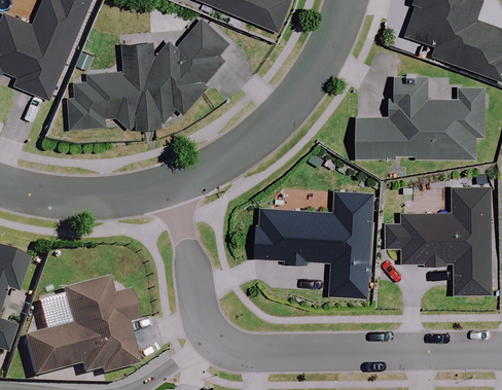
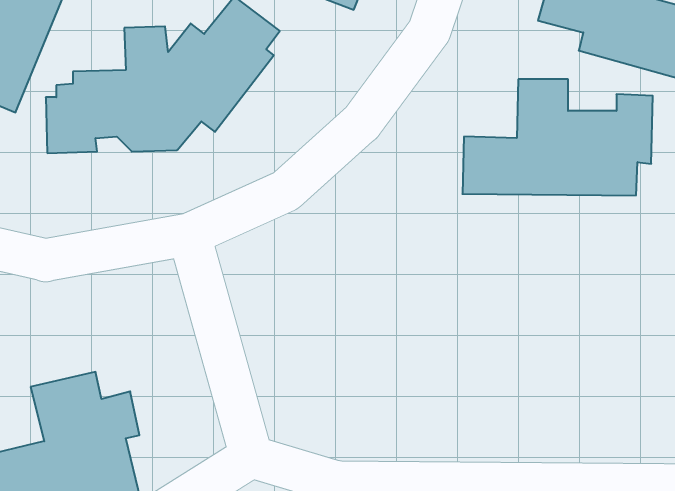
building: [387,187,490,294] -> none
building: [256,191,371,297] -> none

